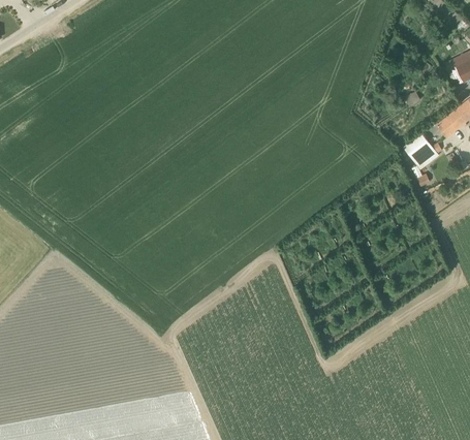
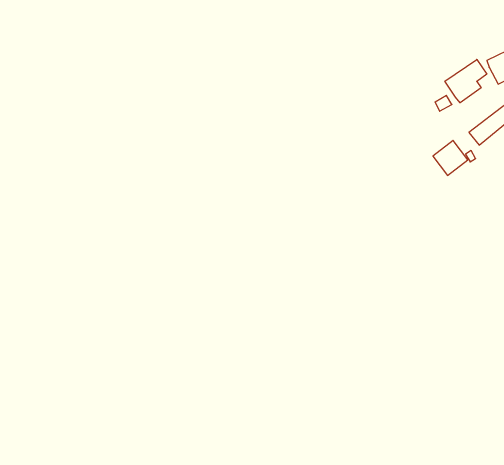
building: none -> [445,59,487,103]

